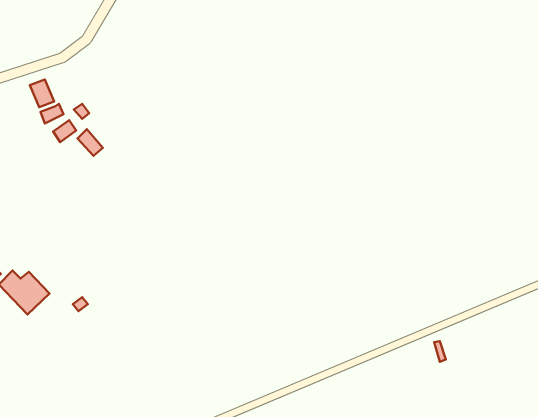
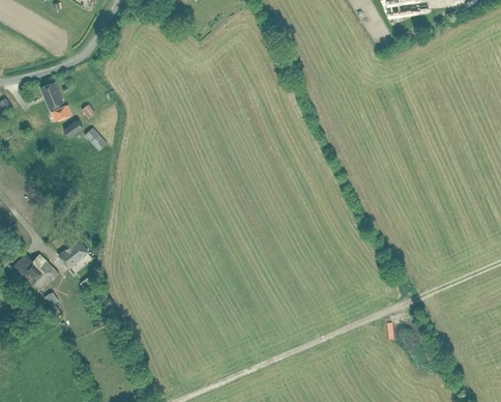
building: none -> [58,240,88,269]

